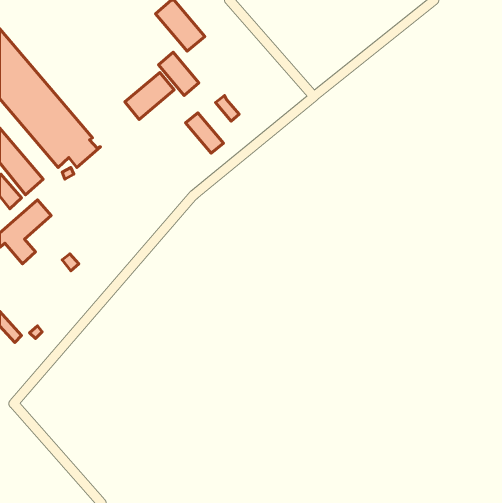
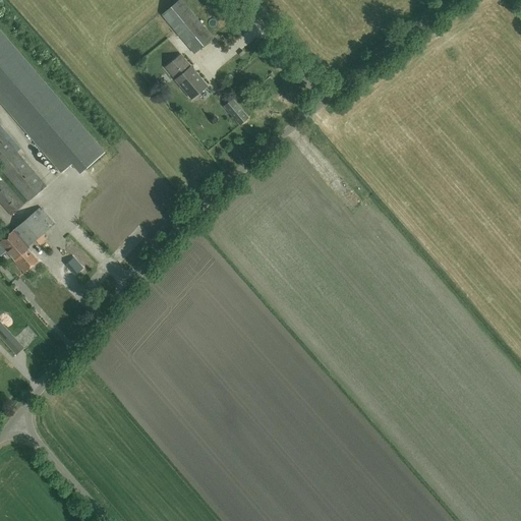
building: [125,72,174,119] -> none
building: [186,113,224,153] -> none

